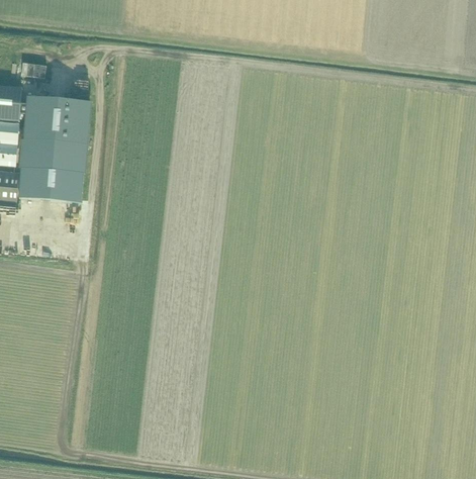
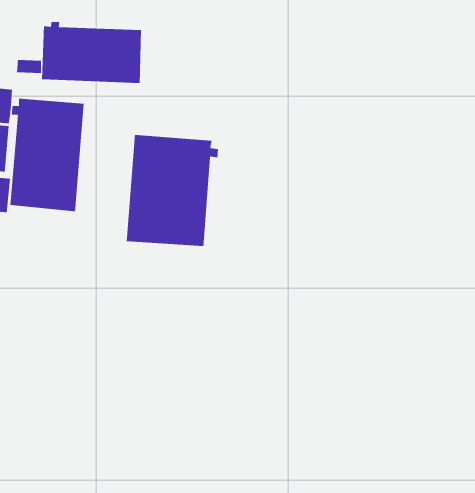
building: none -> [41,21,141,84]
building: none -> [126,134,218,247]

